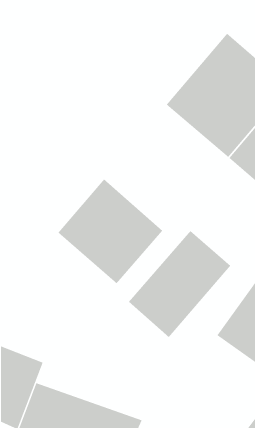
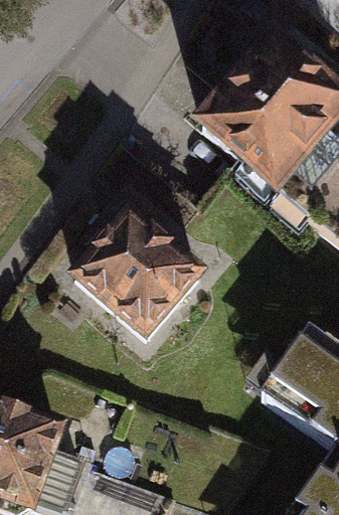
building: [128,230,231,338] -> none

